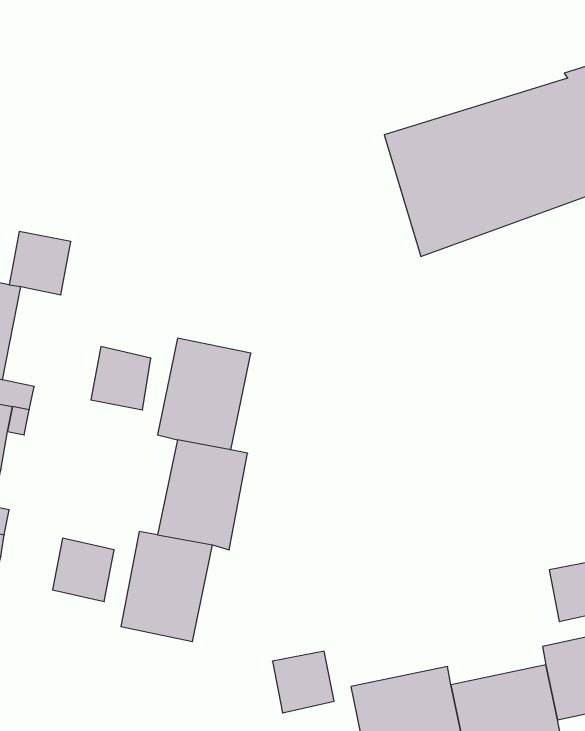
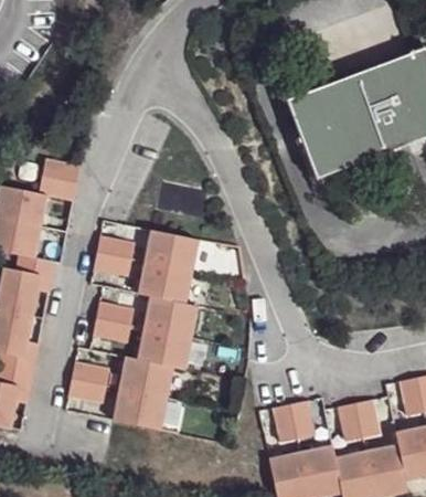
building: none -> [92,300,134,342]
building: none -> [336,401,377,442]
building: [272,651,334,713] -> [271,402,312,443]

